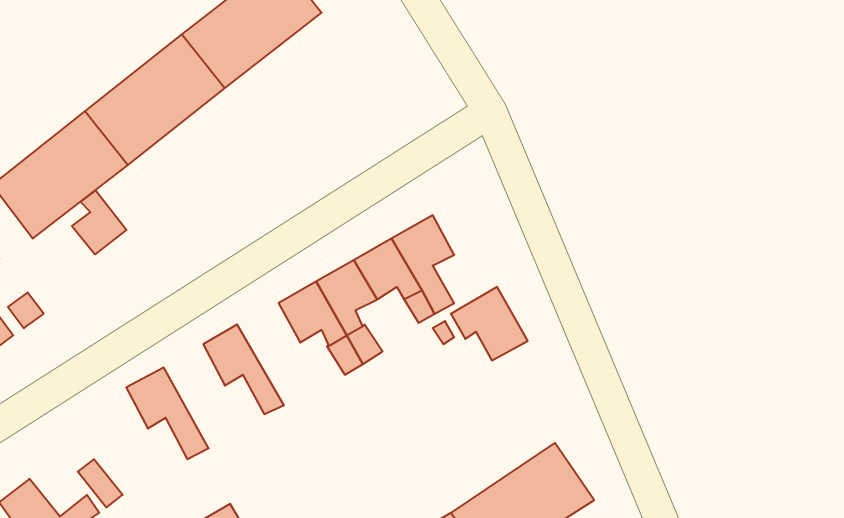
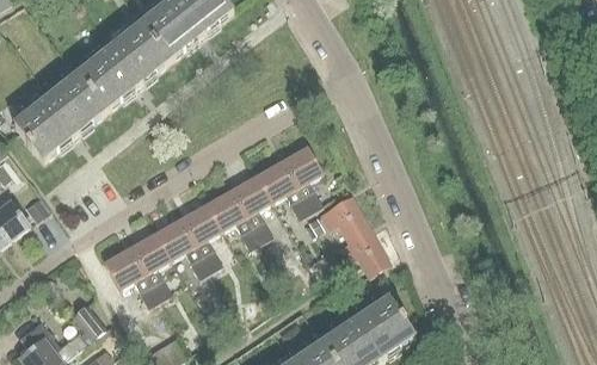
building: [72,190,127,254] -> none
building: none -> [177,204,221,272]
building: none -> [339,229,389,278]
building: none -> [128,231,171,301]

